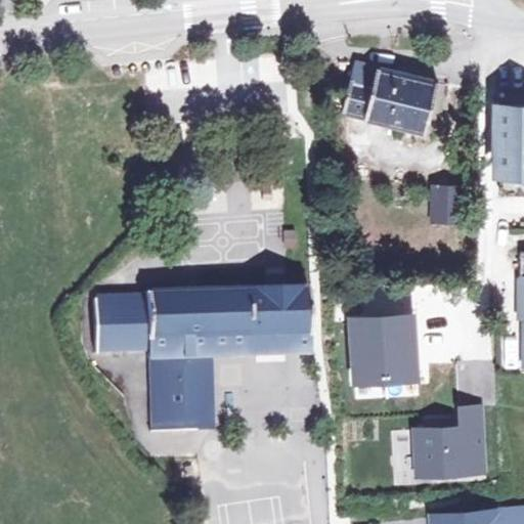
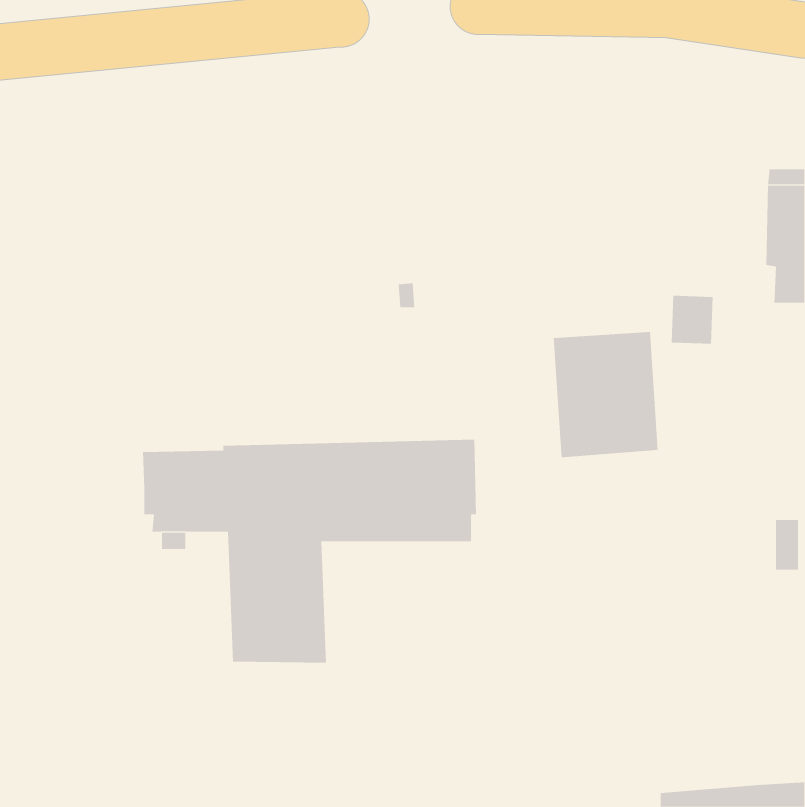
building: [341,60,441,132] -> none
building: [349,317,418,399] -> [553,332,659,458]
building: [417,406,483,473] -> none

